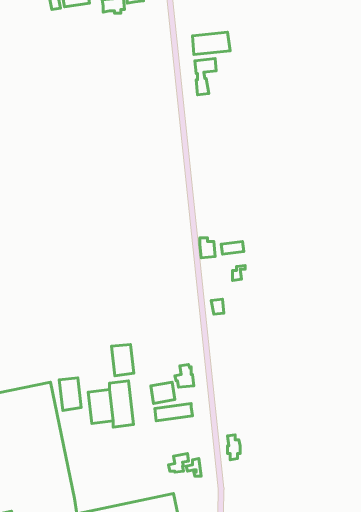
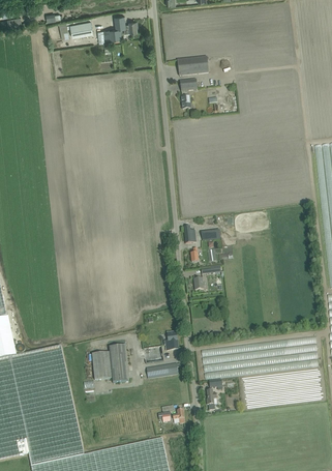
building: [111,344,134,376] -> none
building: [59,378,81,410] -> none

